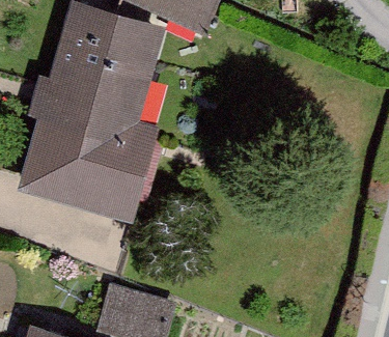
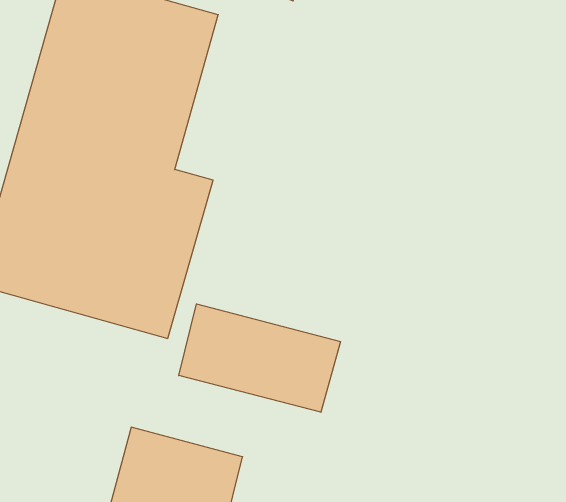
building: none -> [179,304,341,412]

